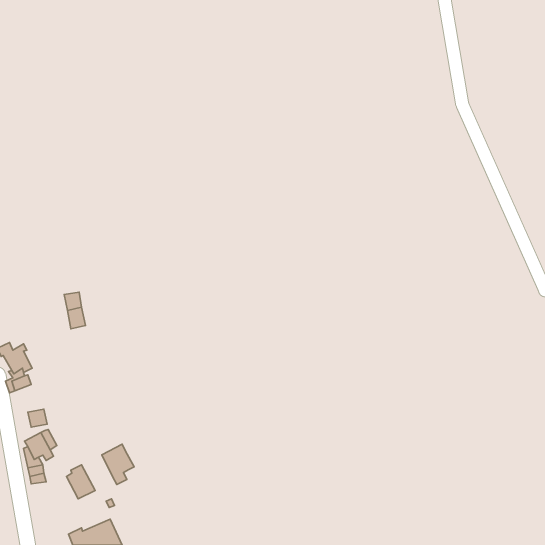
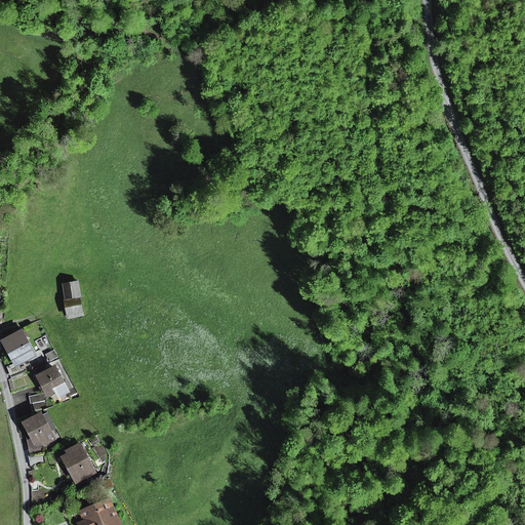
building: none -> [37,367,65,393]
building: [102,444,134,484] -> none

